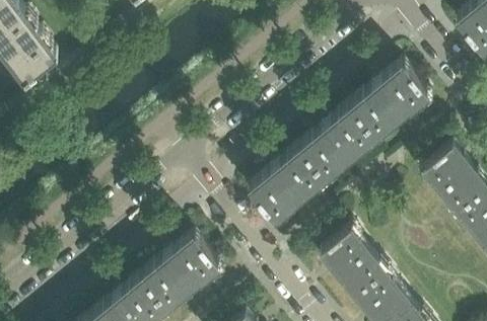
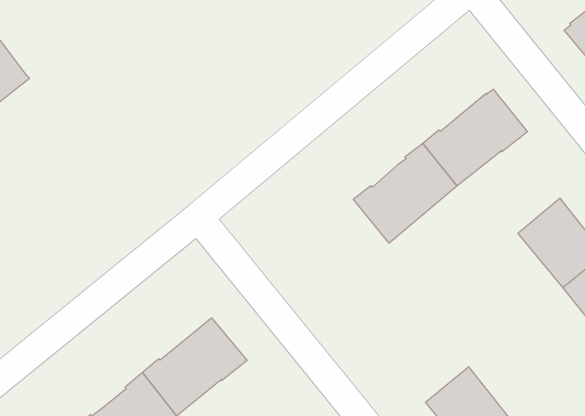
building: [250,149,326,224] -> none
building: [320,232,386,300] -> none

